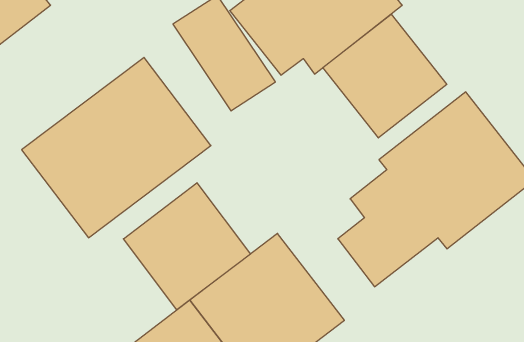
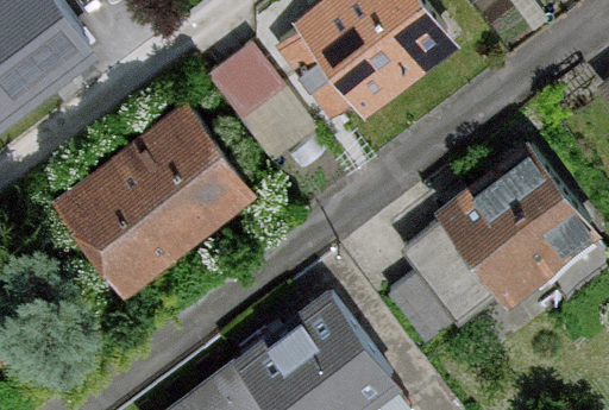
building: [323,14,447,138] -> none
building: [123,183,250,310] -> none

